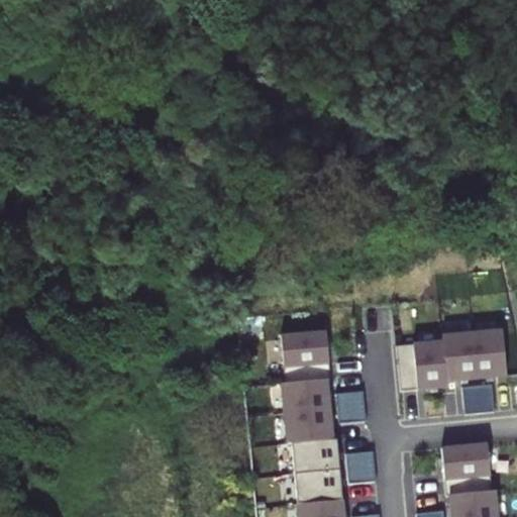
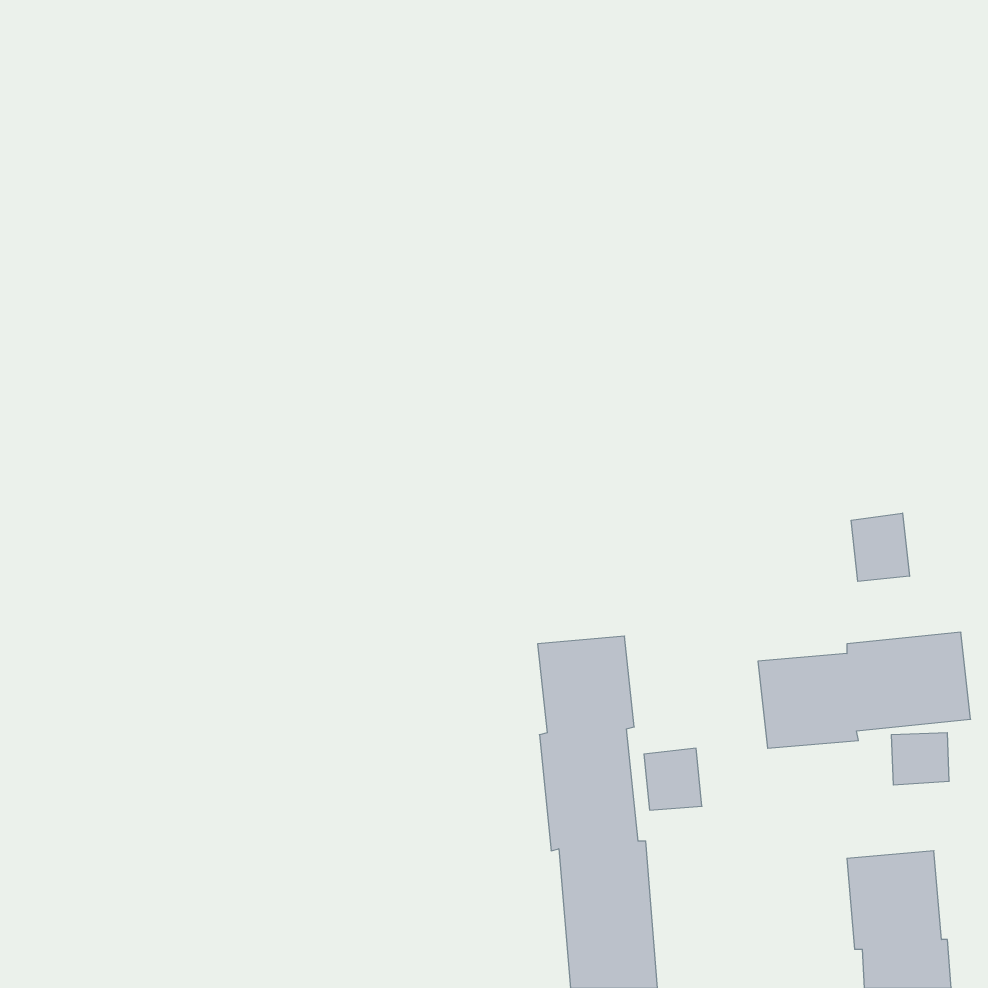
building: none -> [851,513,910,581]
building: [345,451,376,484] -> none

